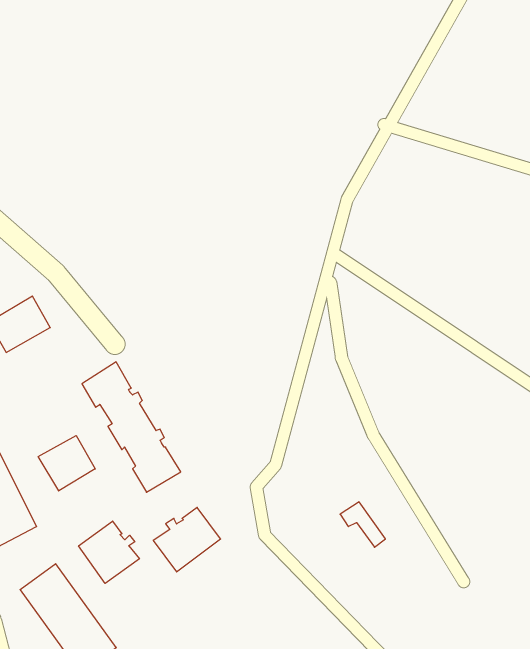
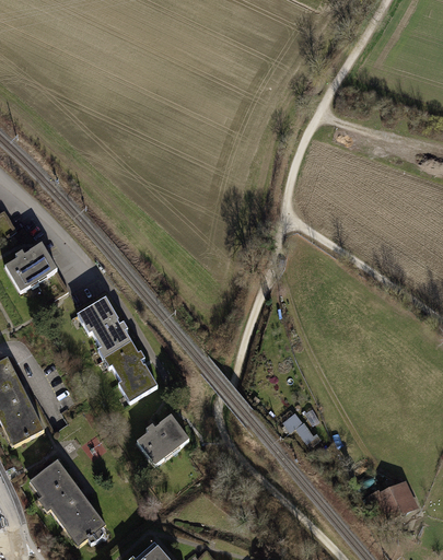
building: [38,436,95,491] -> none
building: [79,521,139,583] -> none
building: none -> [374,476,422,520]

